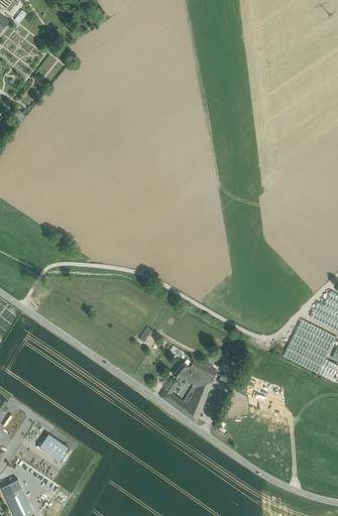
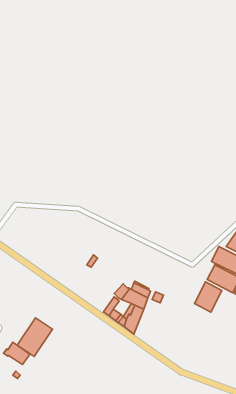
building: none -> [194,282,222,312]
building: none -> [17,318,52,357]

